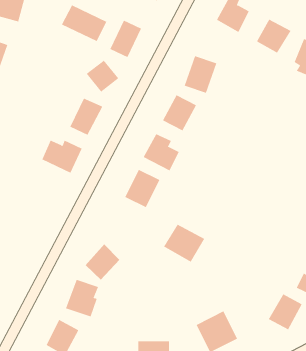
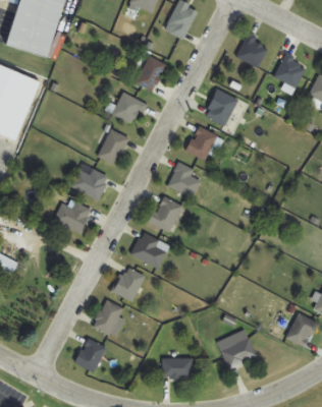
building: [61,4,107,42] -> none
building: none -> [53,196,92,234]
building: [163,224,205,263] -> [129,232,169,269]

